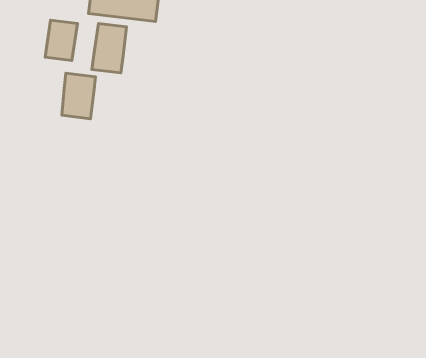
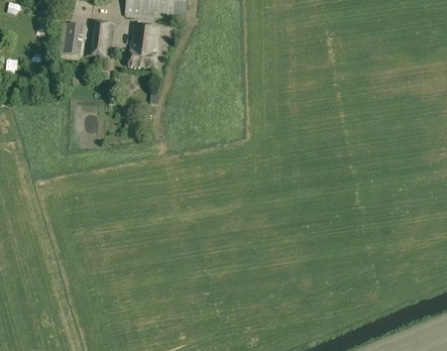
building: none -> [64,21,84,52]
building: [62,73,95,119] -> none

